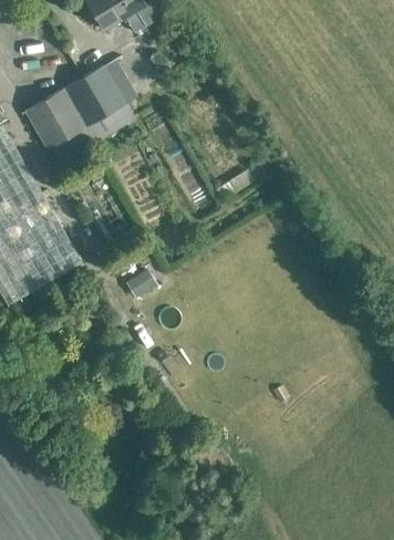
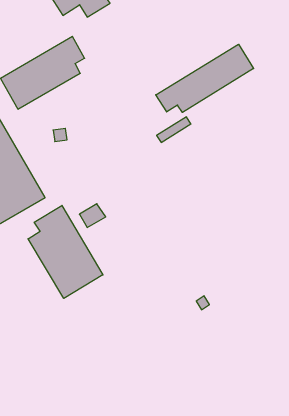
building: none -> [156,44,254,112]
building: none -> [28,205,103,298]

